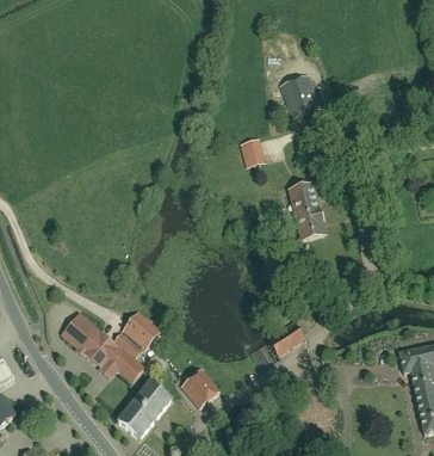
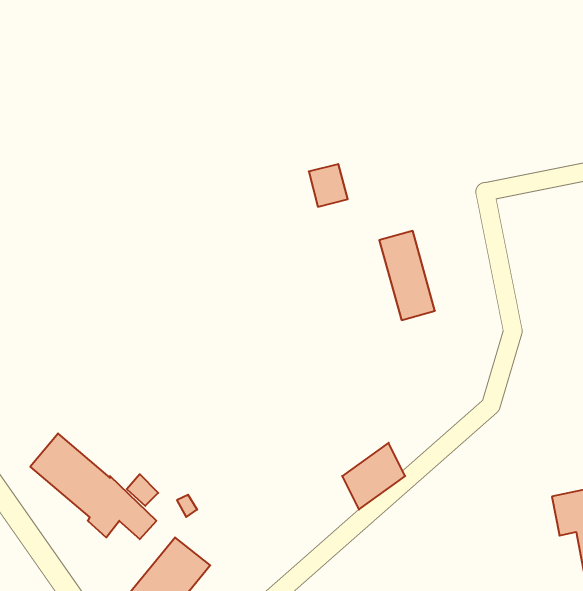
building: [279,79,311,118] -> none
building: [122,314,159,350] -> none
building: [182,370,219,406] -> none

